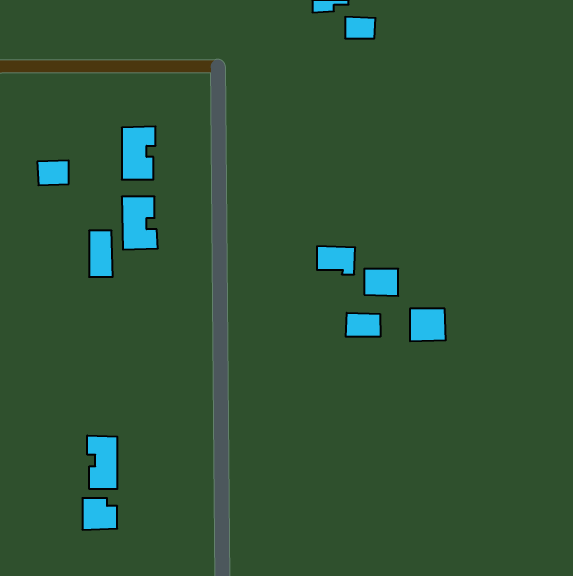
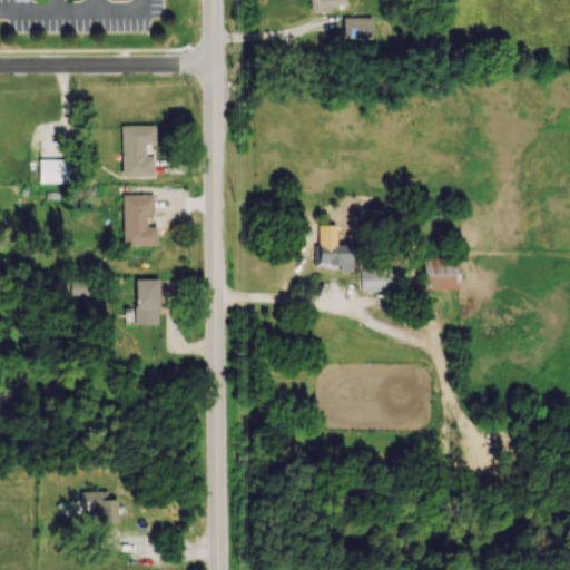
building: [89,231,113,277] -> [137,279,160,325]
building: [410,309,446,341] -> [425,258,461,291]
building: [346,313,380,337] -> none
building: [87,435,117,489] -> none

